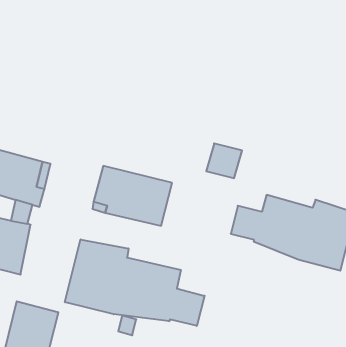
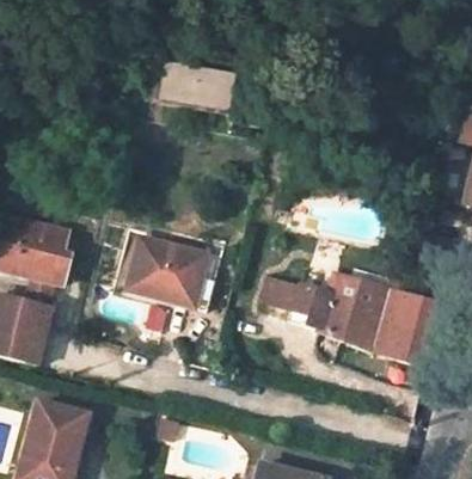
building: none -> [154,56,234,109]
building: [206,143,242,178] -> [256,277,299,319]
building: [65,239,205,326] -> none

